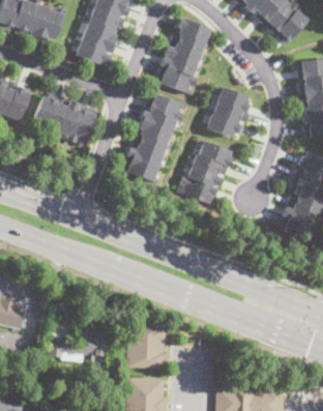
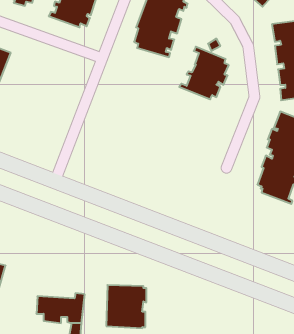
building: [123,91,184,179] -> none
building: [32,92,98,145] -> none
building: [179,138,232,204] -> none

